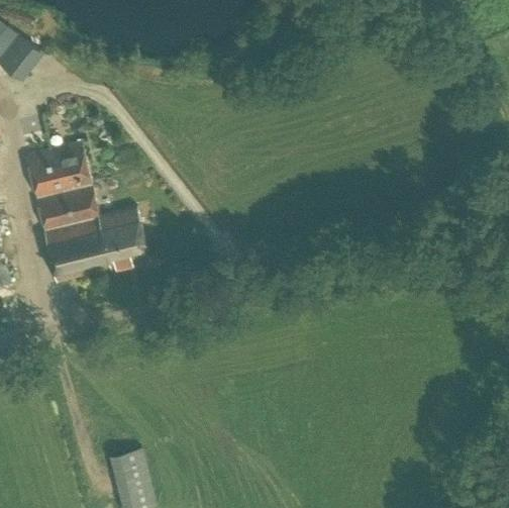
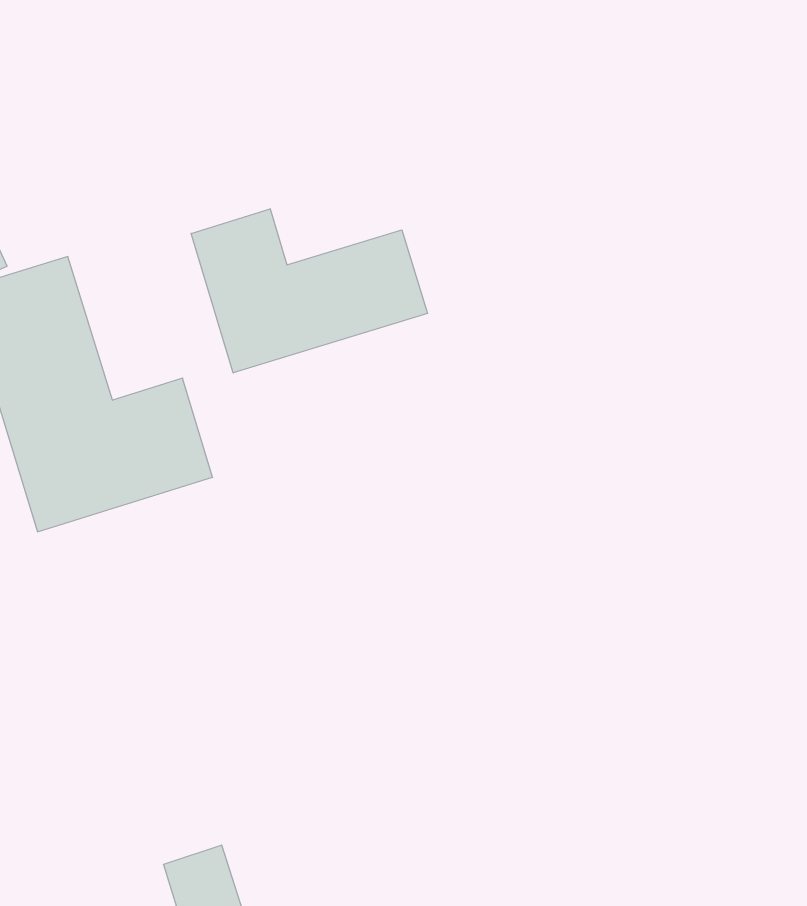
building: none -> [191,209,427,373]

